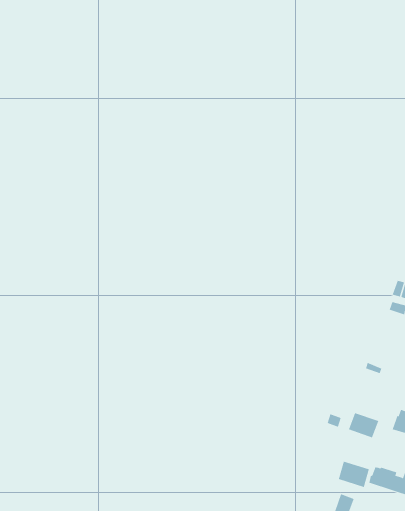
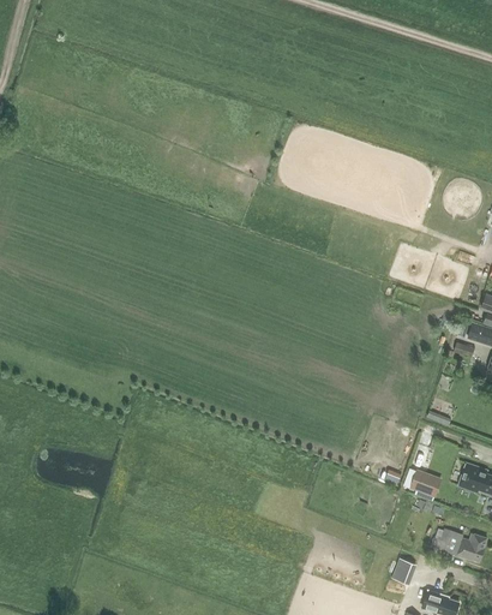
building: [338,461,370,488] -> none

